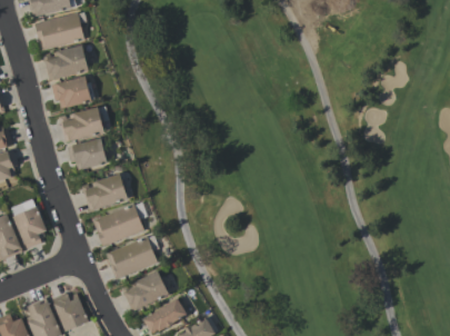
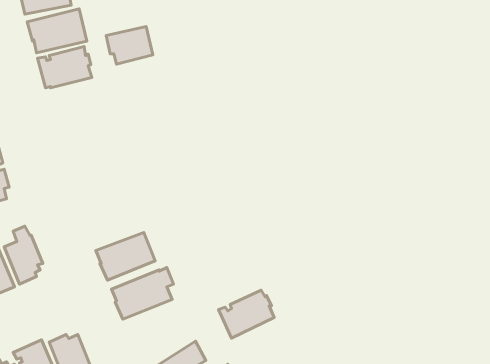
building: [51,77,91,109] -> [106,27,153,64]
building: [58,107,104,142] -> none
building: [66,138,109,170] -> none
building: [81,174,128,211] -> none
building: [121,271,169,313] -> [219,290,274,338]

